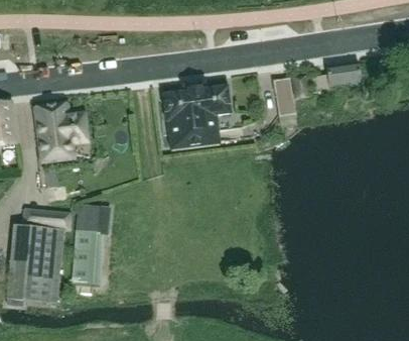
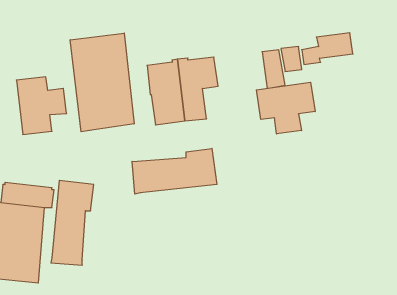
building: none -> [70,33,134,132]
building: none -> [256,82,315,134]
building: none -> [132,148,217,194]

